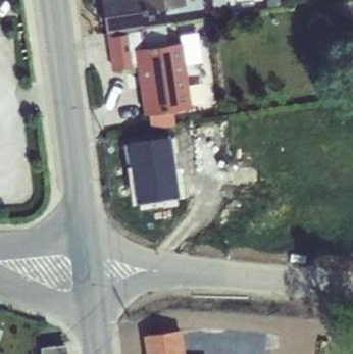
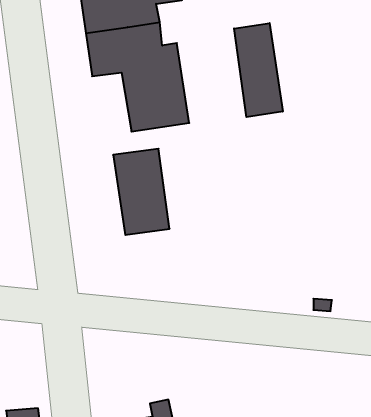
building: none -> [234,23,283,117]

